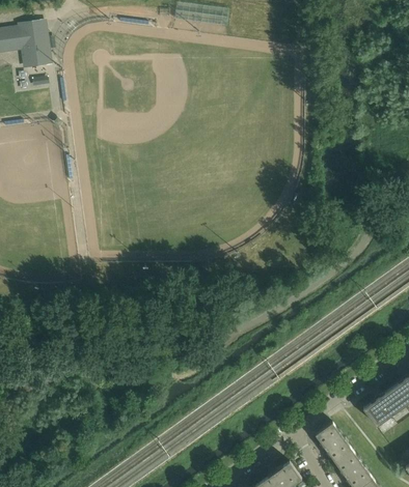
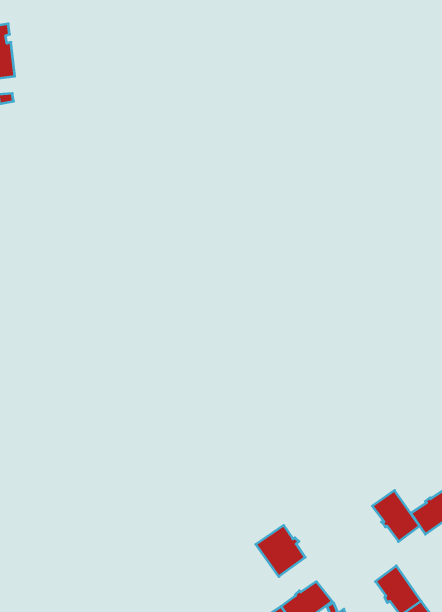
building: none -> [256,525,305,577]
building: [315,422,352,462] -> [372,490,419,542]

